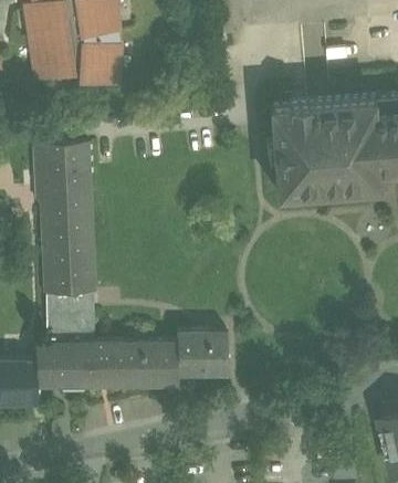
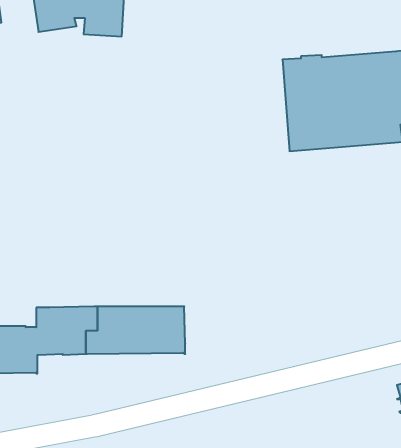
building: [33,141,95,344] -> none
building: [177,332,226,378] -> none

